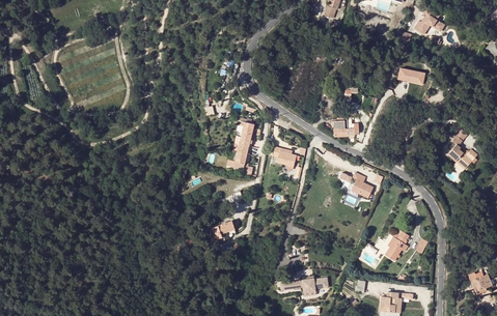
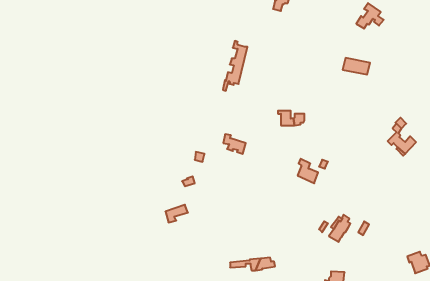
building: [228,117,254,170] -> [223,41,247,91]

